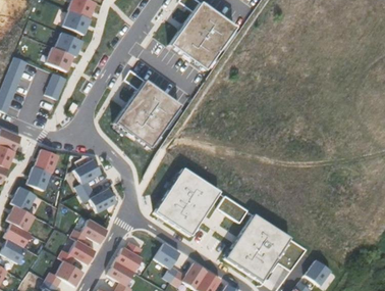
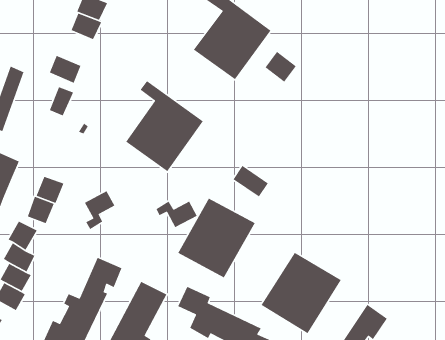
building: [54,33,82,57] -> none
building: none -> [264,51,297,83]
building: [80,188,116,211] -> [156,201,198,228]
building: [217,195,248,223] -> [232,165,269,198]

